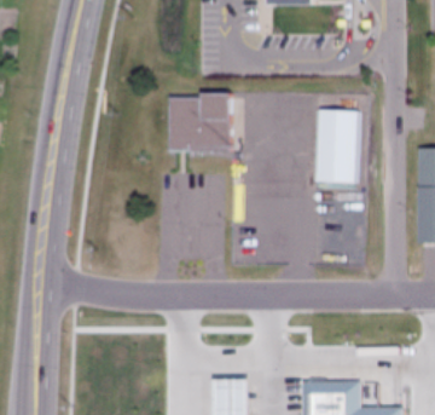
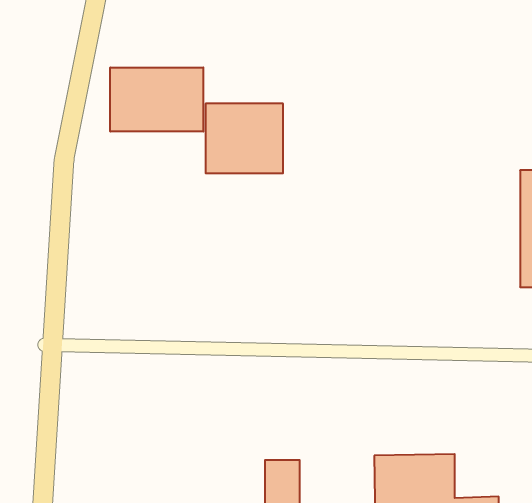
building: none -> [110,67,203,132]
building: [317,110,361,183] -> none

